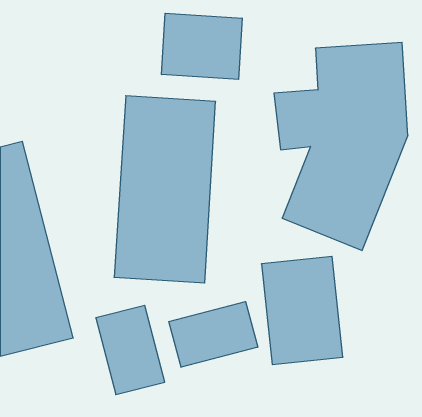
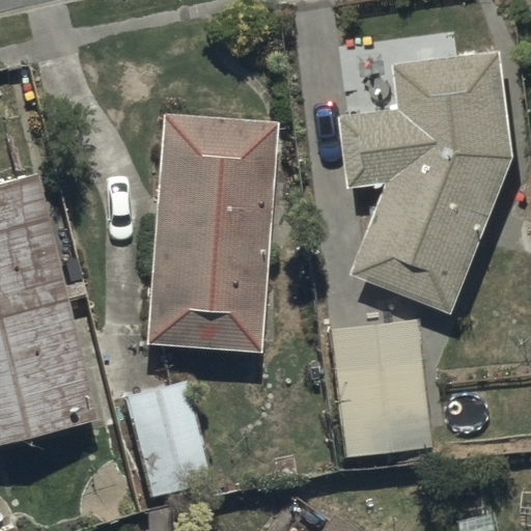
building: [162,13,242,79] -> none
building: [169,302,258,367] -> none

